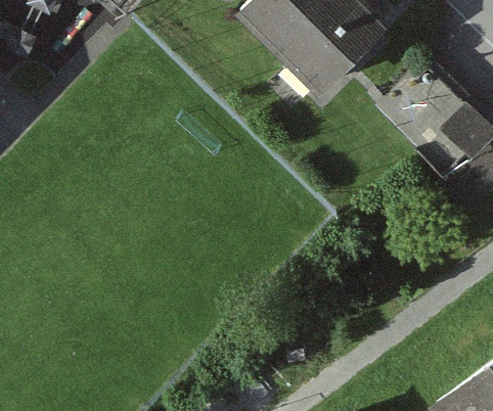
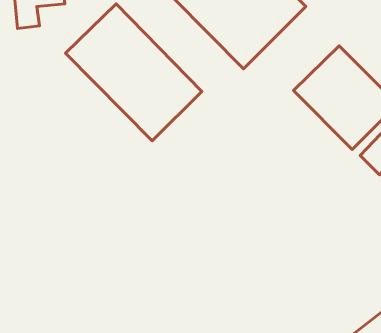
building: none -> [66,4,202,141]

